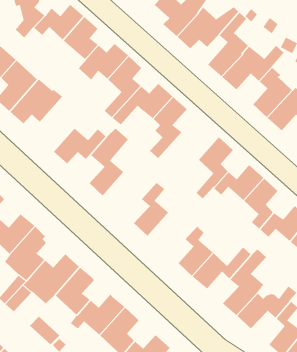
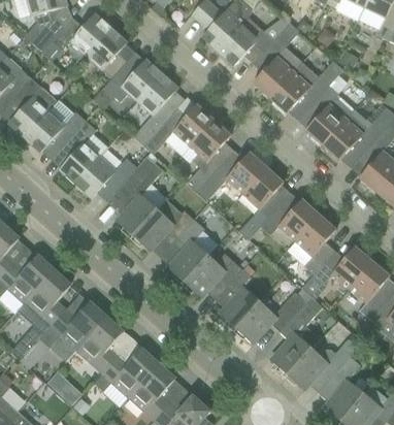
building: none -> [59,120,107,184]
building: none -> [205,151,266,193]
building: none -> [132,207,194,250]
building: none -> [184,253,241,296]

